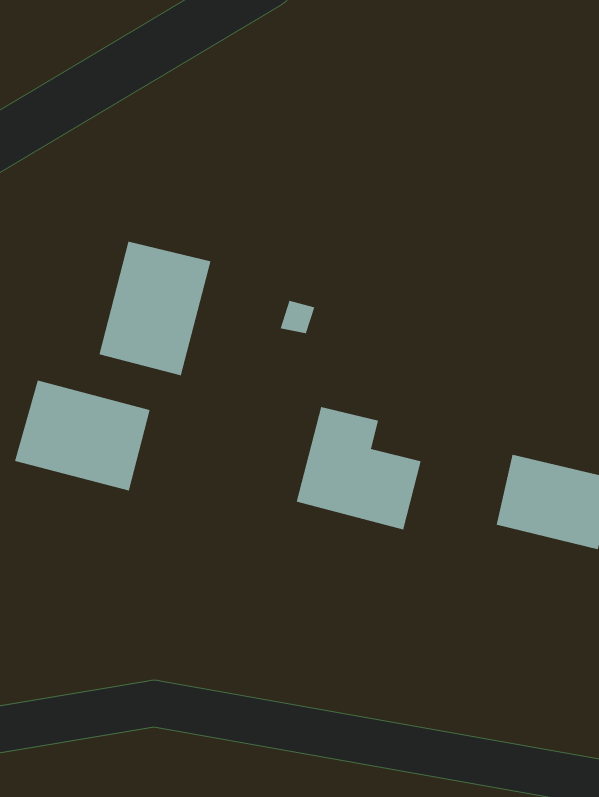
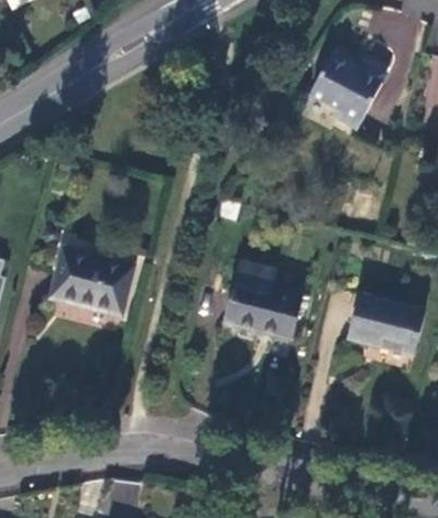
building: none -> [309,56,385,130]
building: [99,241,211,376] -> none

